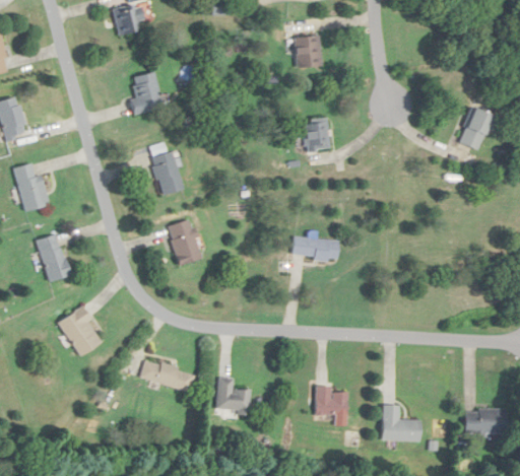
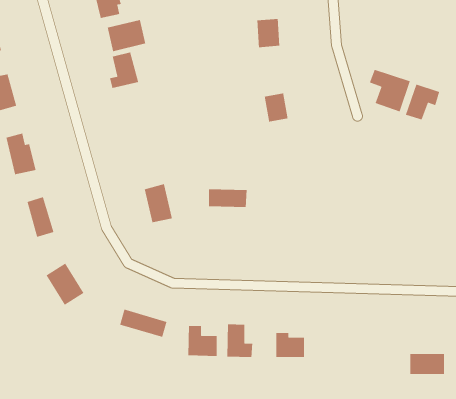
building: none -> [107,19,146,52]
building: none -> [369,69,411,113]
building: [148,142,182,195] -> none
building: [292,237,336,259] -> [208,189,247,208]
building: none -> [226,324,253,358]
building: [382,404,420,441] -> none

